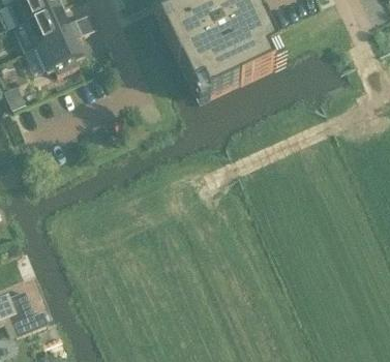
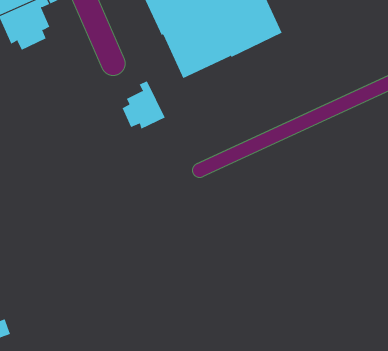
building: none -> [122,80,165,129]

